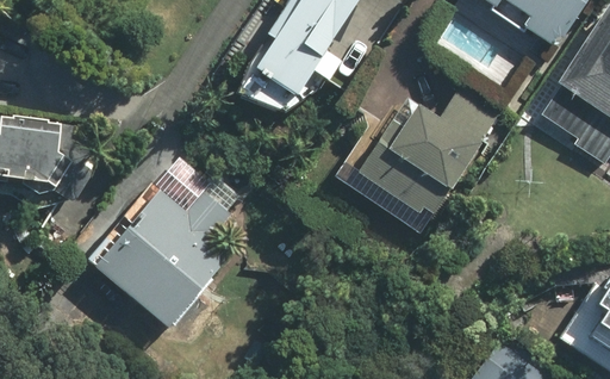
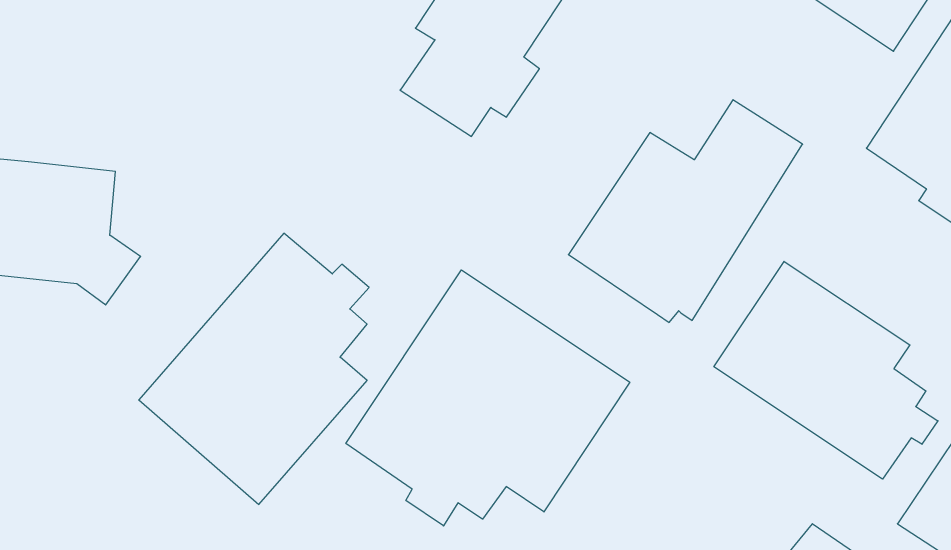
building: none -> [714,261,938,479]
building: none -> [346,270,630,526]

